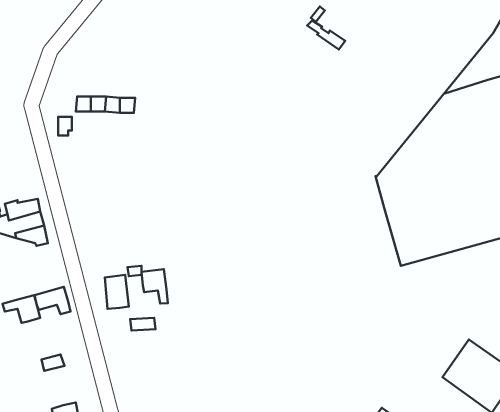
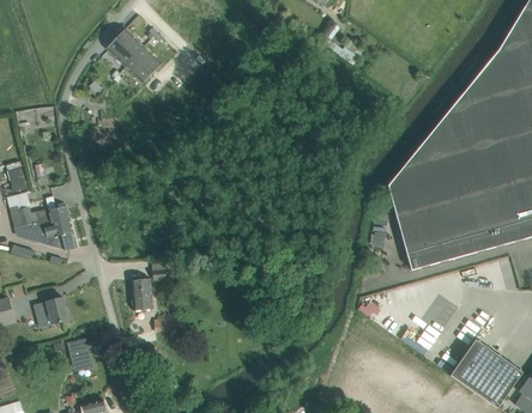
building: none -> [105,29,162,84]
building: [141,269,168,304] -> none
building: [34,287,71,314] -> none

